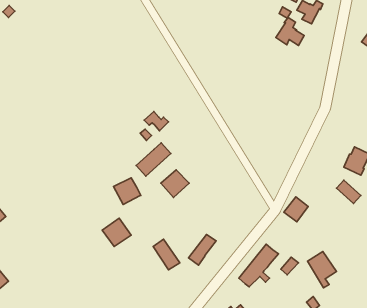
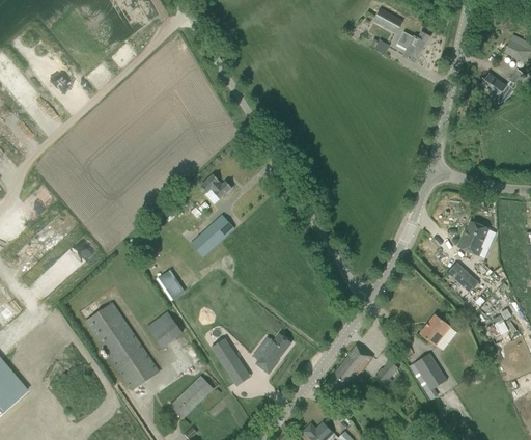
building: [276,17,304,45] -> none
building: [161,170,189,197] -> none
building: [284,197,308,222] -> [419,313,450,346]
building: none -> [84,302,160,390]
building: none -> [166,375,214,418]

